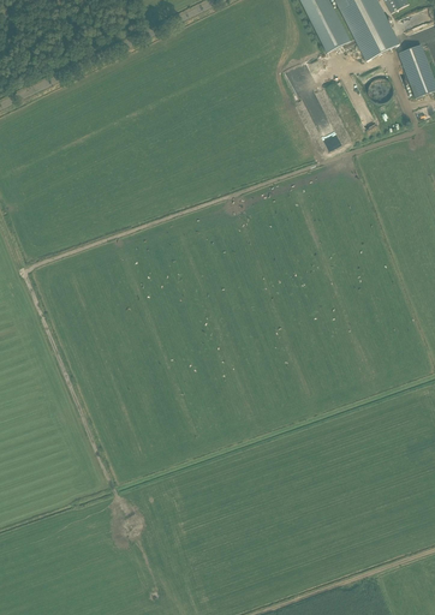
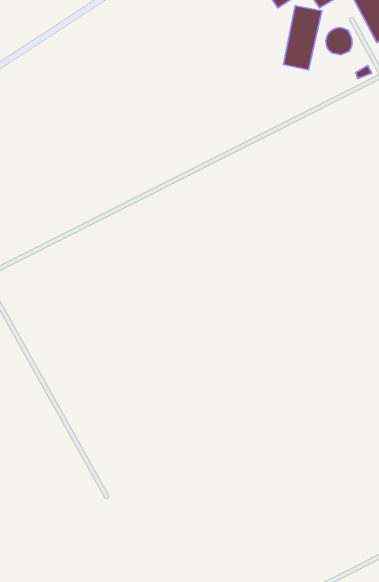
building: none -> [283,6,322,70]

